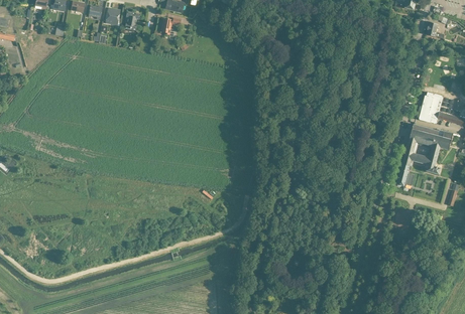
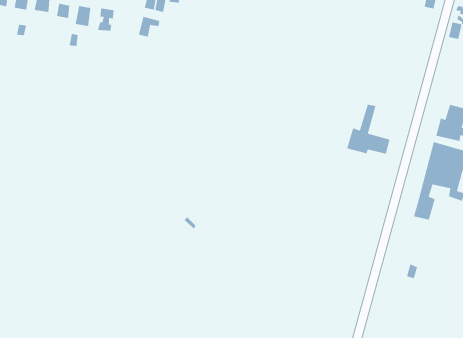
building: none -> [346,104,390,154]

